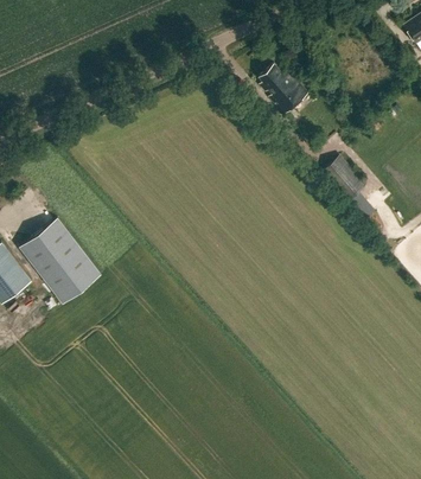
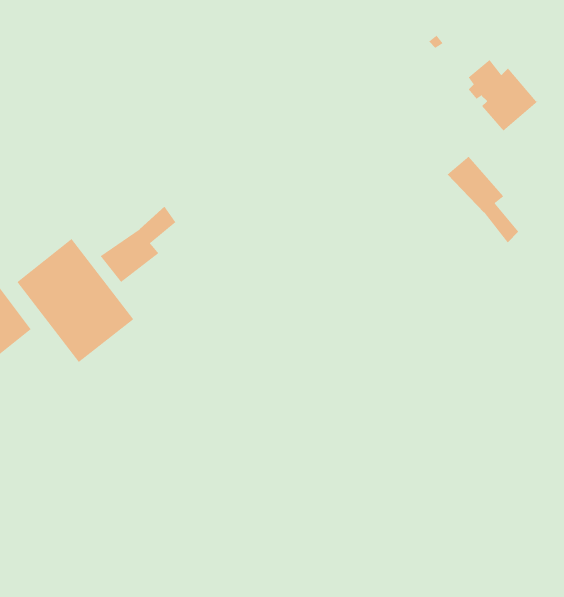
building: [259,64,308,115] -> [468,59,539,131]
building: none -> [100,206,176,283]

